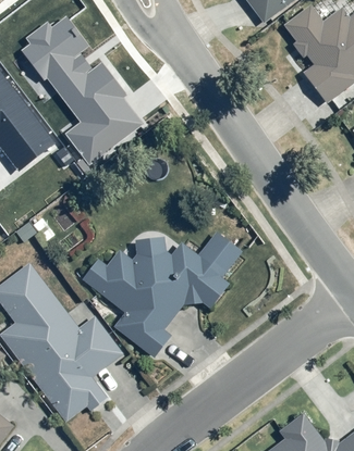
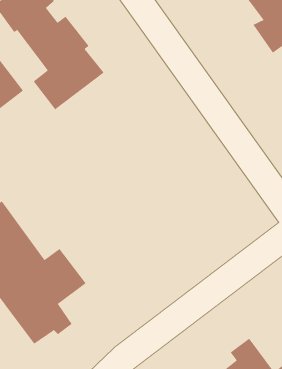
building: [83,233,241,358] -> none

